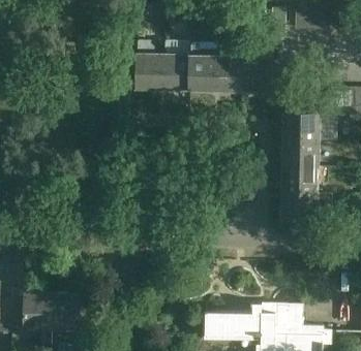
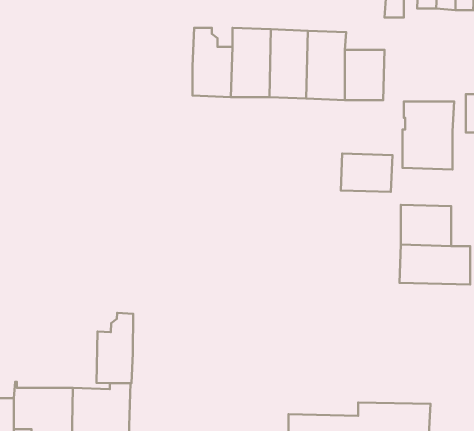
building: [282,139,319,166] -> [341,154,392,192]
building: none -> [96,313,133,383]

